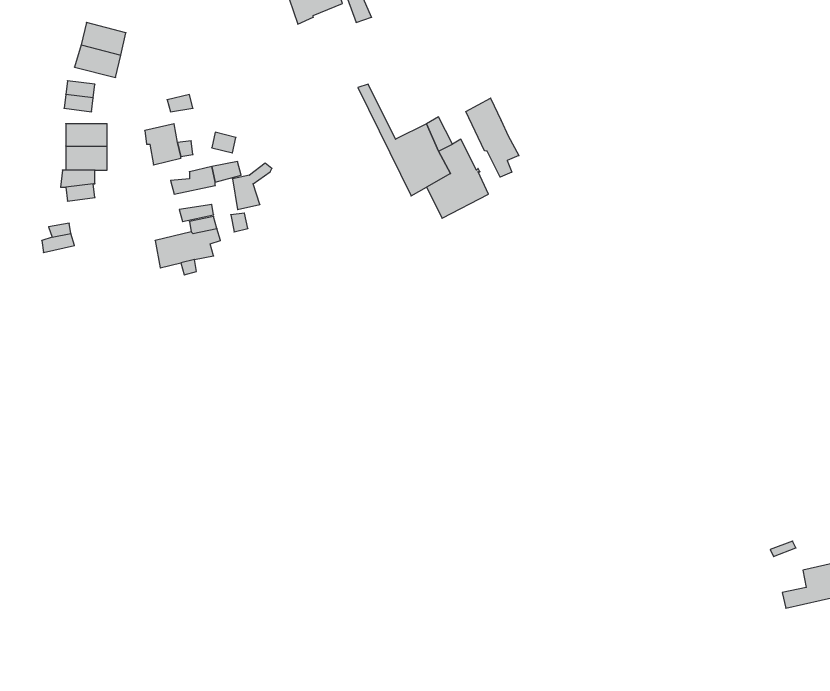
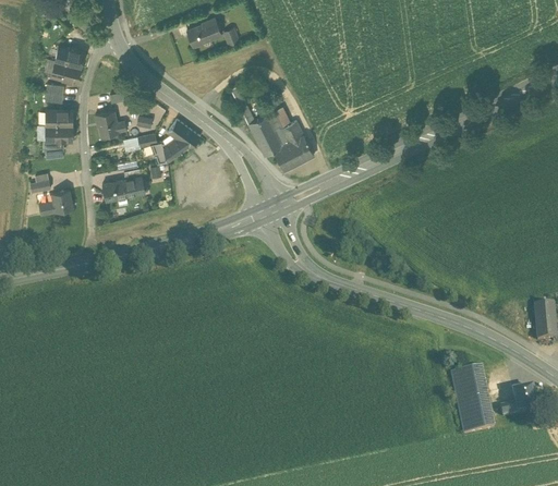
building: [466,98,519,177] -> none
building: none -> [165,118,199,160]
building: none -> [39,189,73,214]
building: none -> [451,366,494,434]

